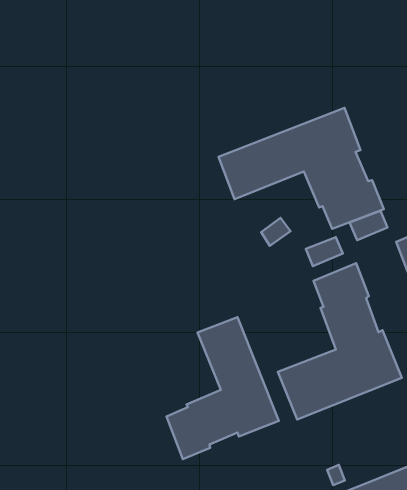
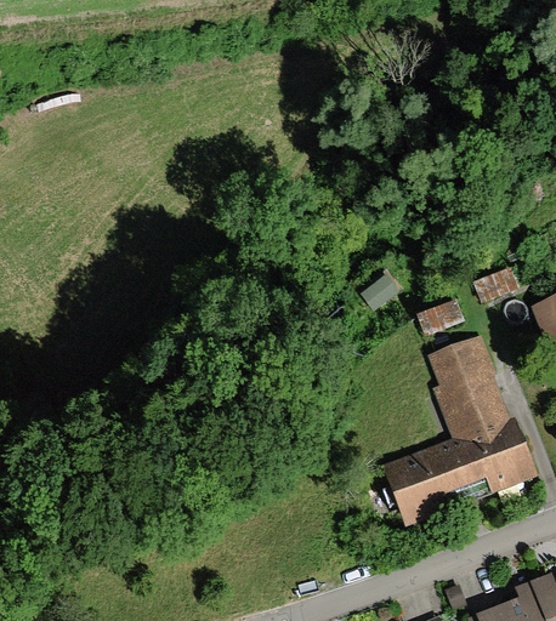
building: [219,108,384,229] -> none
building: [166,317,279,459] -> none

